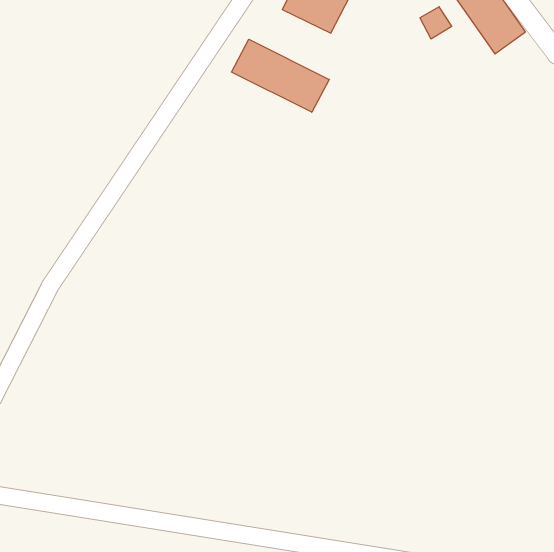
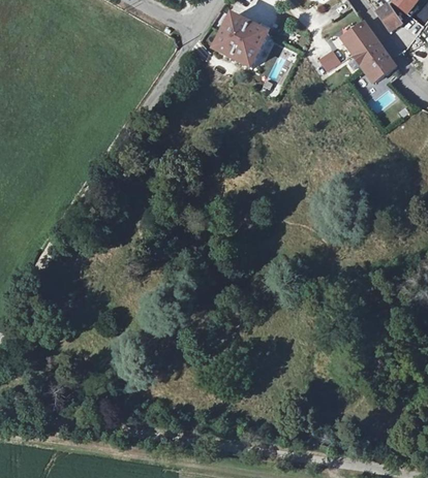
building: [231,39,329,112] -> none

